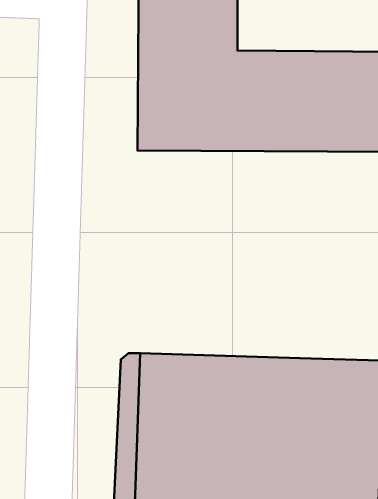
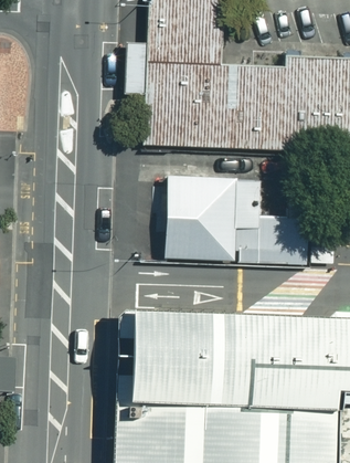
building: none -> [163,177,310,265]

